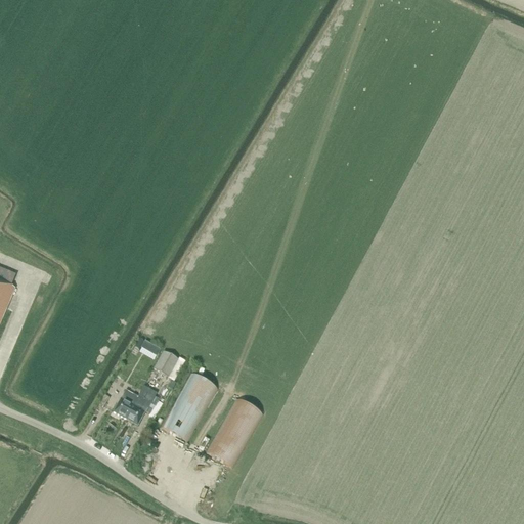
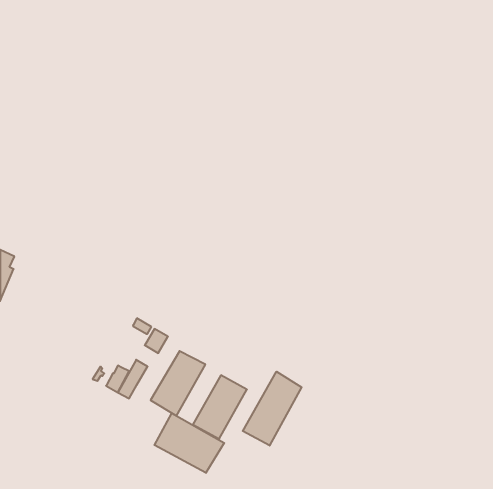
building: none -> [243,372,302,446]
building: none -> [154,413,224,473]

